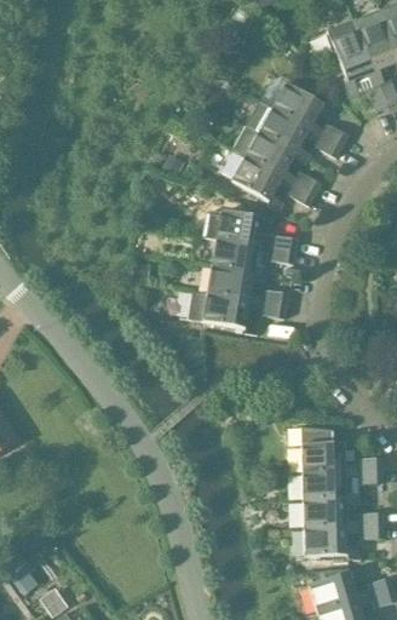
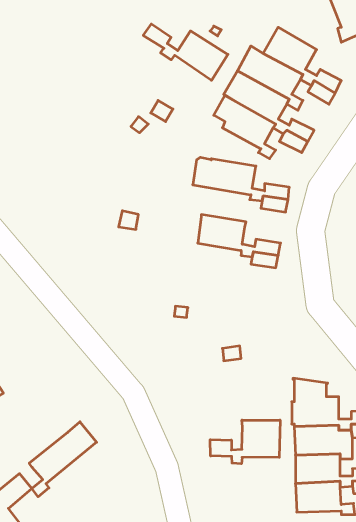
building: none -> [143,24,228,80]
building: [212,239,269,280] -> none
building: [189,291,260,334] -> none
building: none -> [210,420,280,464]
building: none -> [29,422,97,497]

